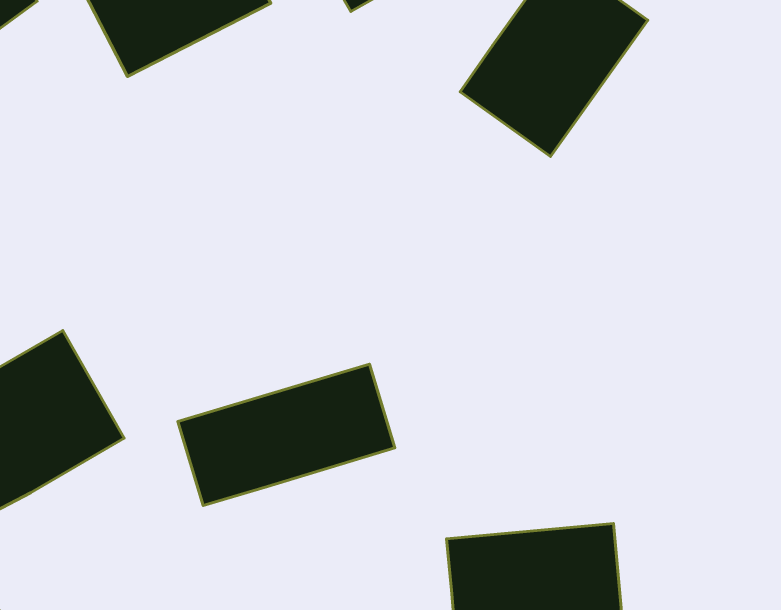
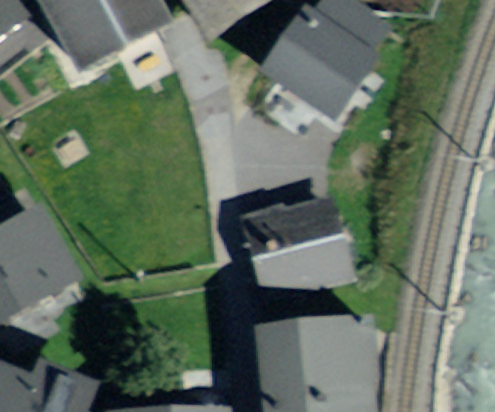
building: none -> [243,190,356,303]
building: [178,364,395,505] -> none

